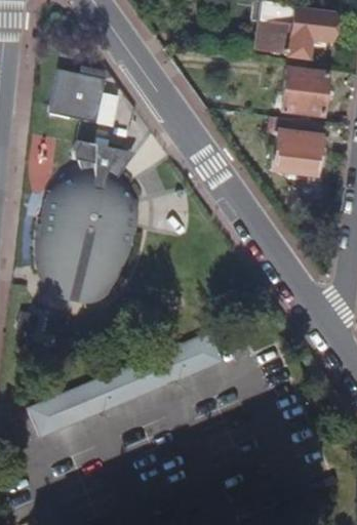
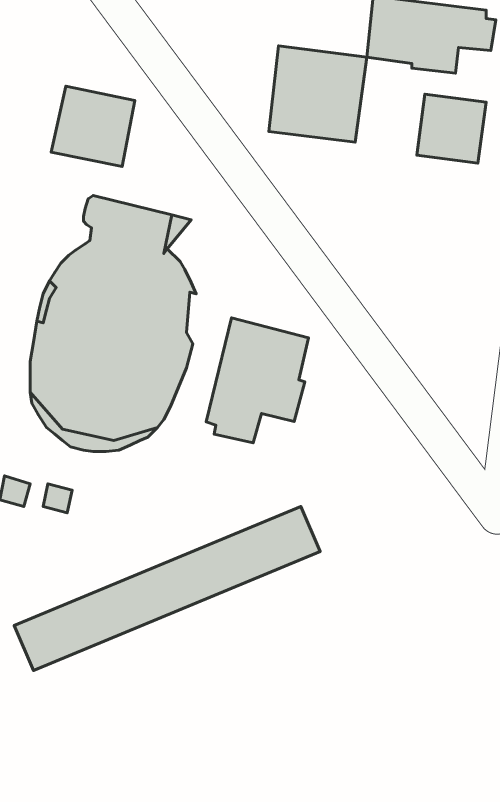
building: none -> [269,46,367,142]
building: [273,118,323,175] -> none
building: none -> [206,318,308,443]

